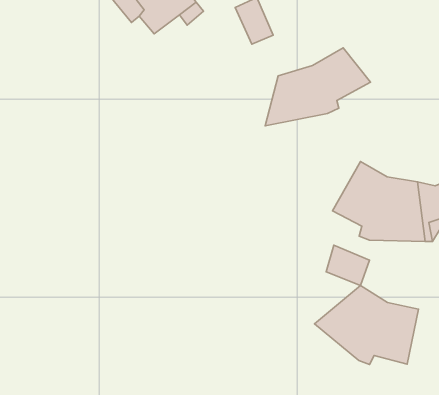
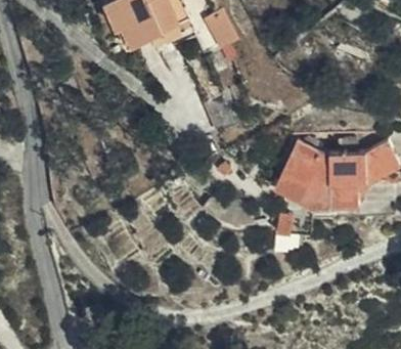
building: [265,48,371,126] -> none
building: [315,286,419,365] -> none

